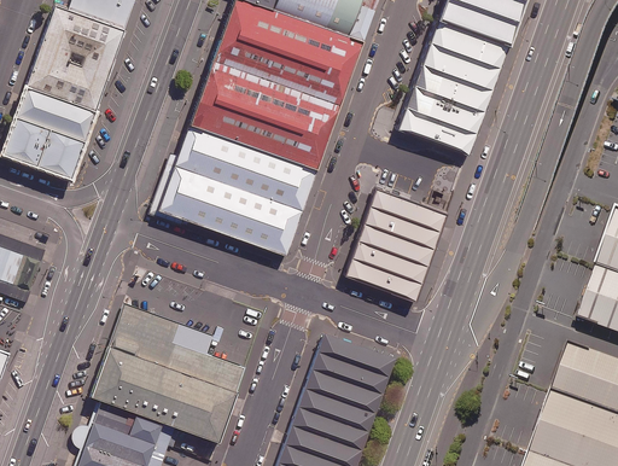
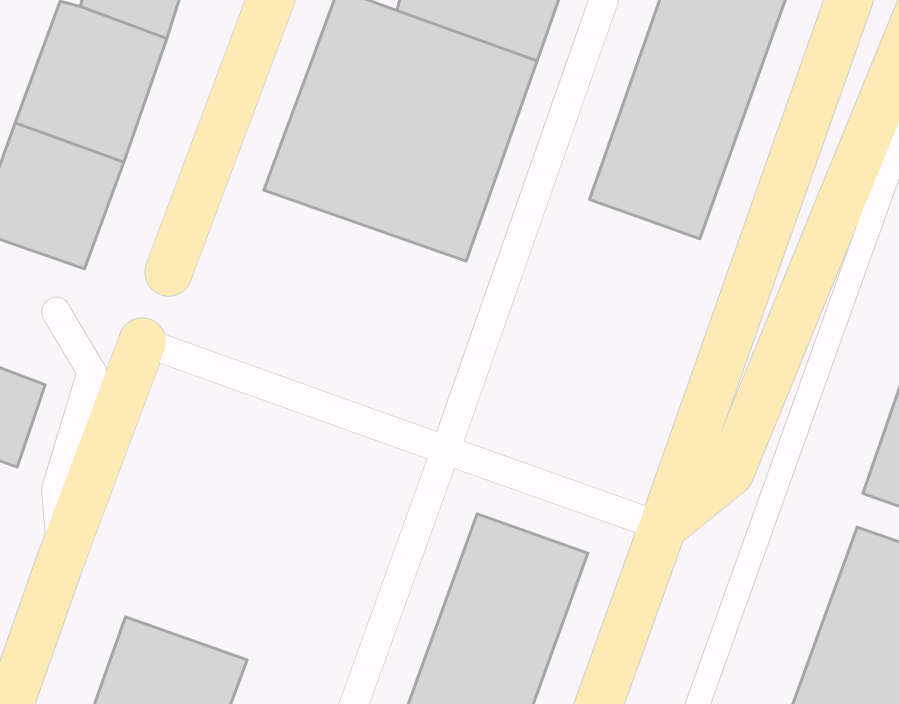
building: [157,124,317,256] -> none
building: [345,185,448,299] -> none
building: [89,303,246,444] -> none

